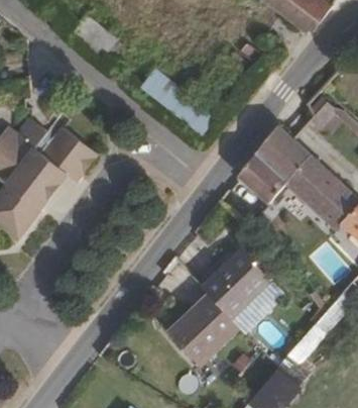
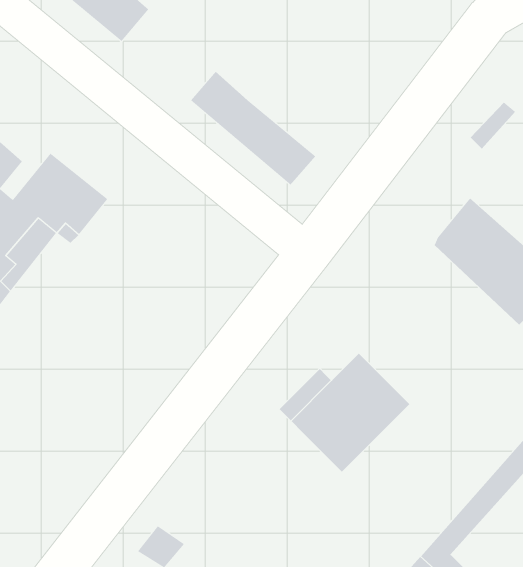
building: [239,124,310,203] -> none
building: [169,293,243,365] -> none

